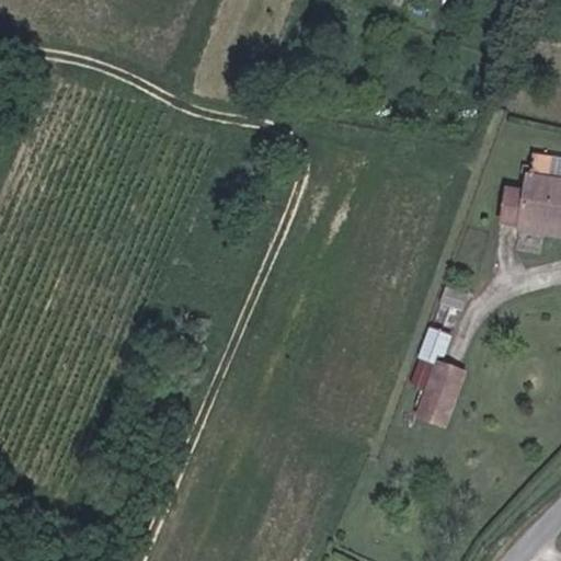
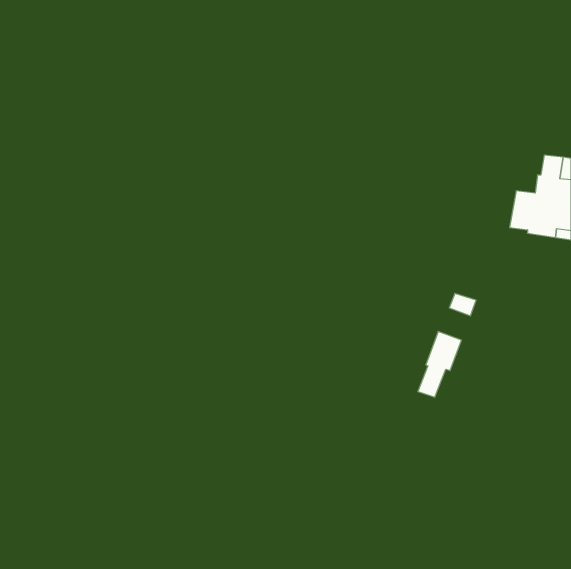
building: [416,363,465,427] -> none

